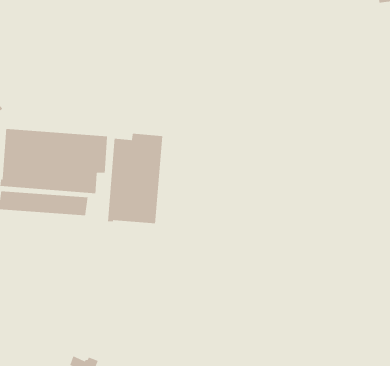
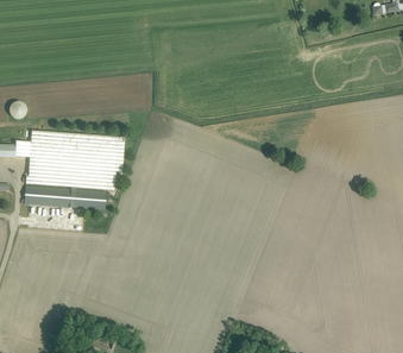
building: [107,133,163,224] -> none

